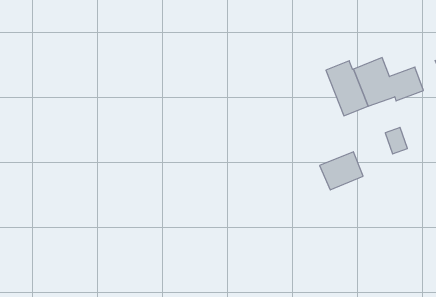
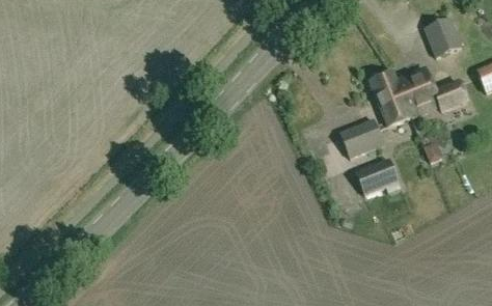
building: none -> [423,19,460,57]
building: none -> [339,117,384,157]

